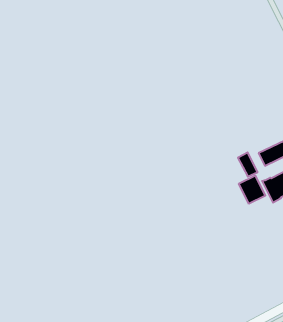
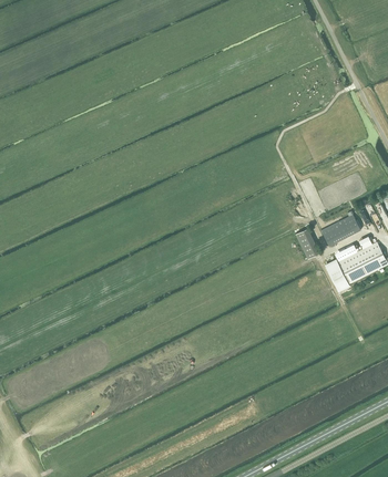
building: [239,176,265,204] -> none

